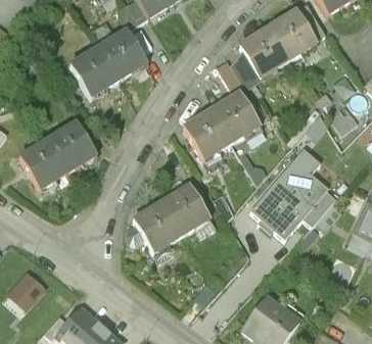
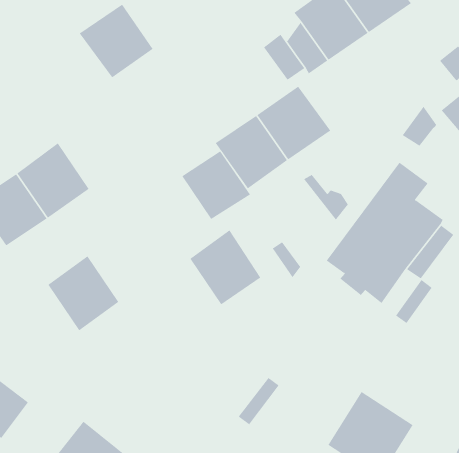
building: [71,50,118,98] -> none
building: none -> [182,151,251,220]
building: [133,202,179,251] -> [48,256,119,331]

